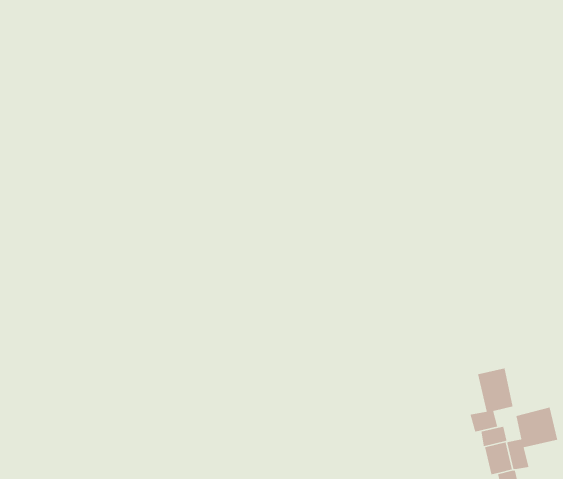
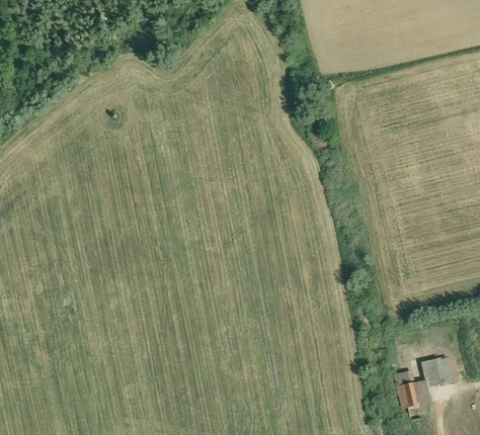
building: [470,367,513,433] -> none

